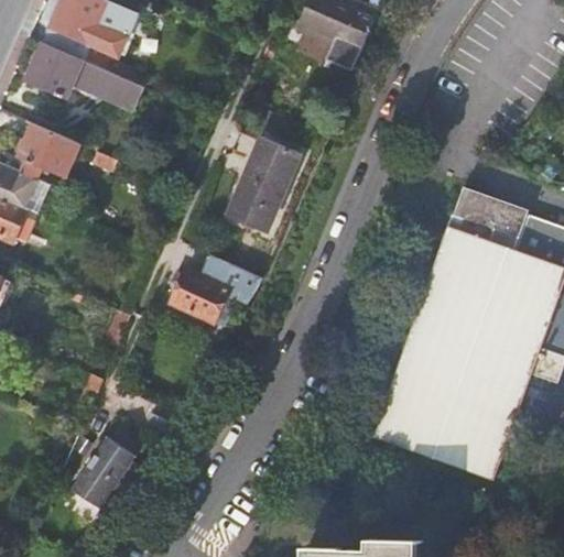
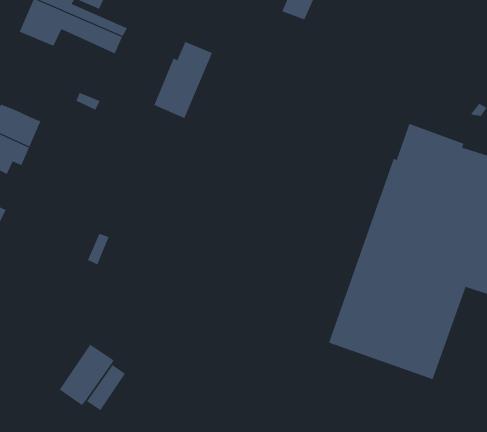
building: [17,123,77,178] -> none
building: [229,141,296,229] -> [154,41,213,119]
building: [170,254,258,325] -> none

